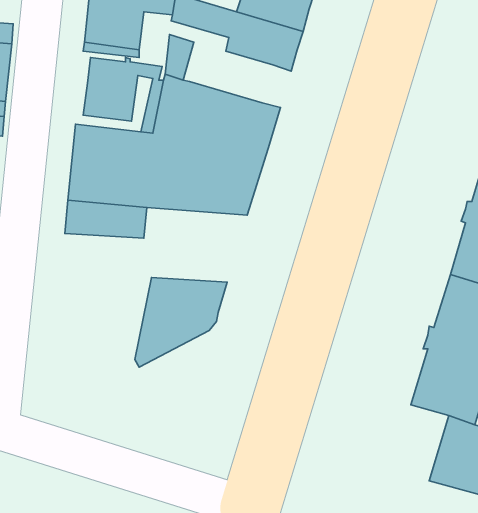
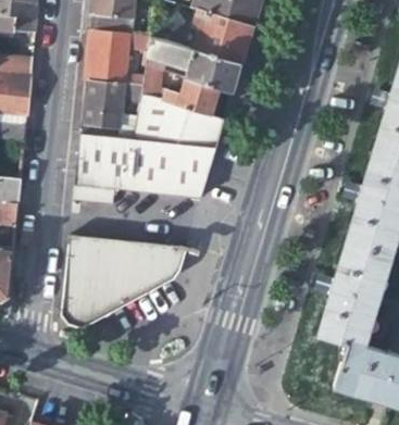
building: none -> [160,78,220,115]
building: none -> [60,236,133,327]

